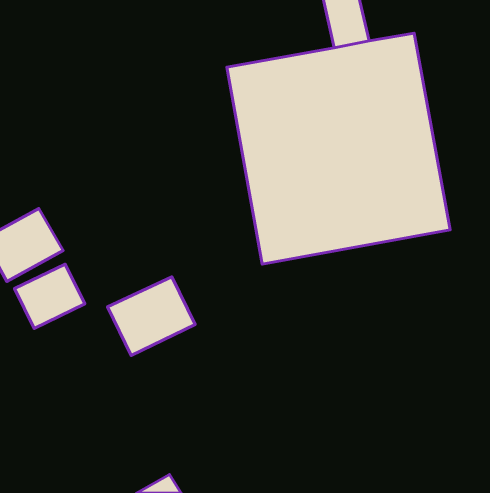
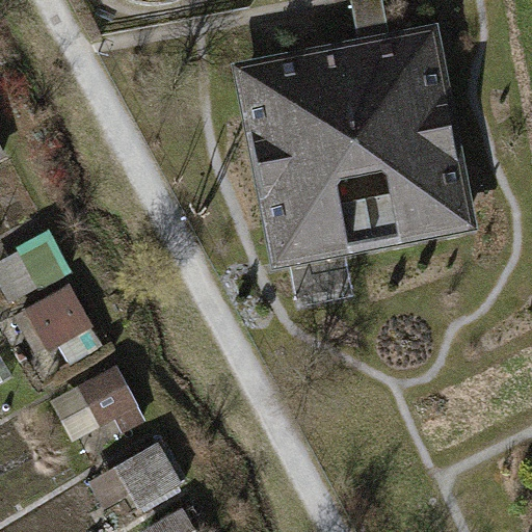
building: [108,277,195,356] -> [48,363,141,447]
building: none -> [85,435,180,518]

